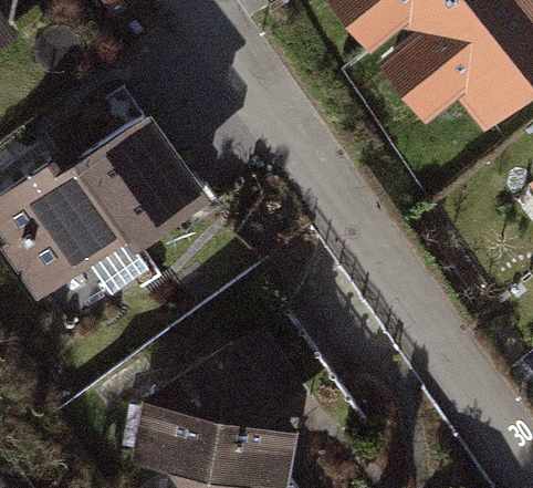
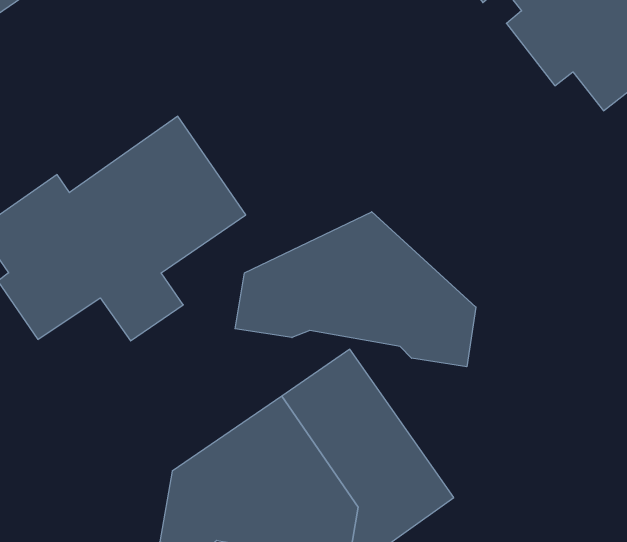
building: none -> [235,212,476,367]

